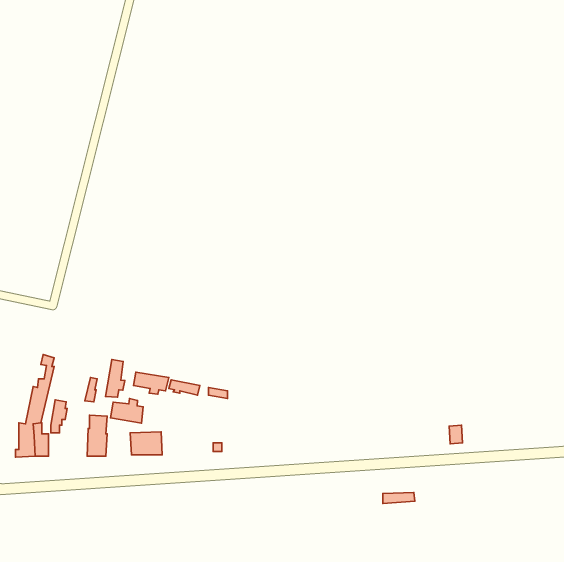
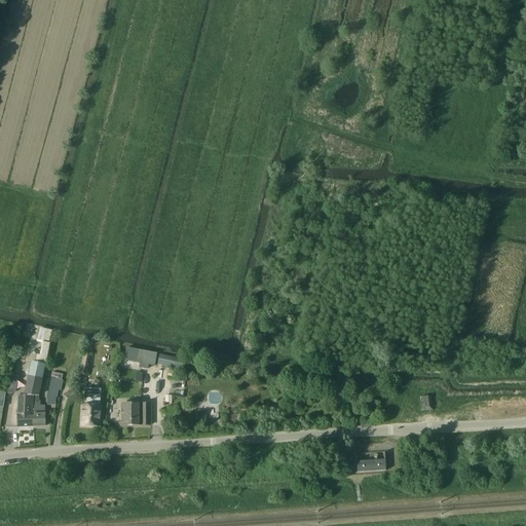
building: [106,360,125,397] -> none
building: [110,399,143,423] -> none

